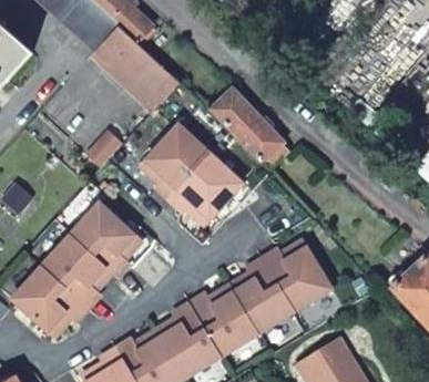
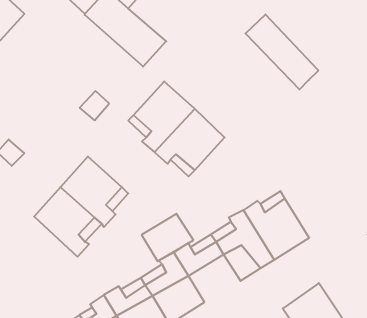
building: [210,89,286,167] -> [245,14,318,89]
building: [11,266,86,335] -> none
building: [203,306,257,355] -> [142,214,193,261]

